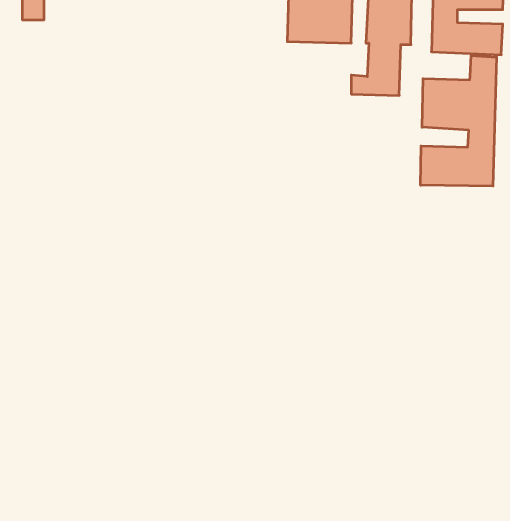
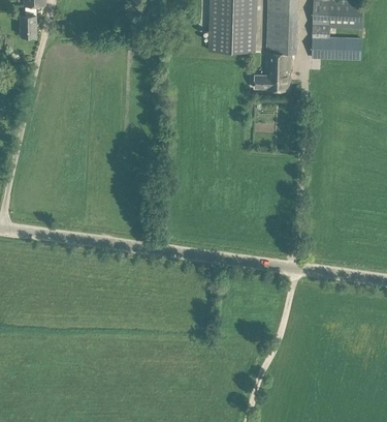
building: [421,56,497,186] -> none

